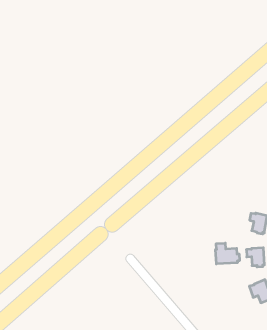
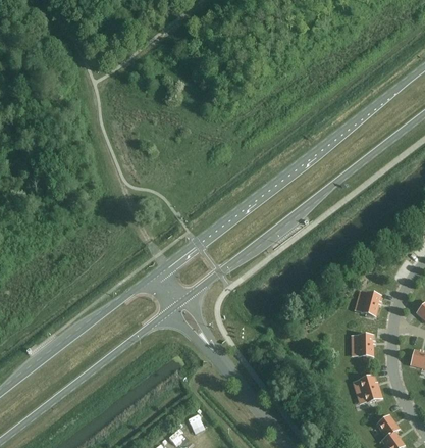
building: [216,243,239,264] -> none

